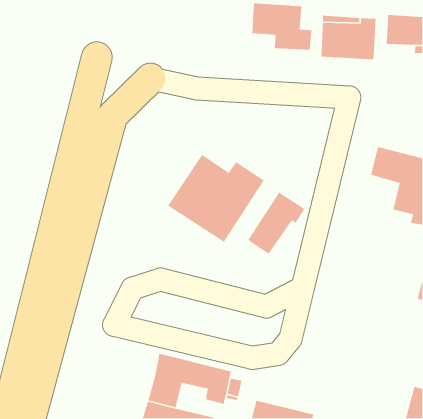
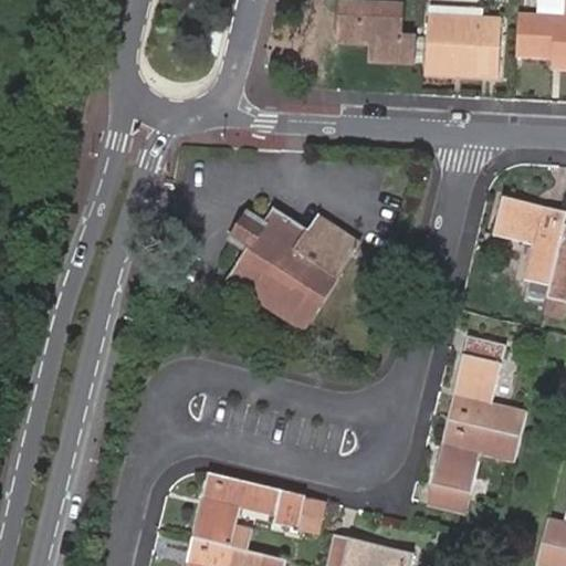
building: [247,191,306,255] -> none
building: none -> [424,337,525,512]

